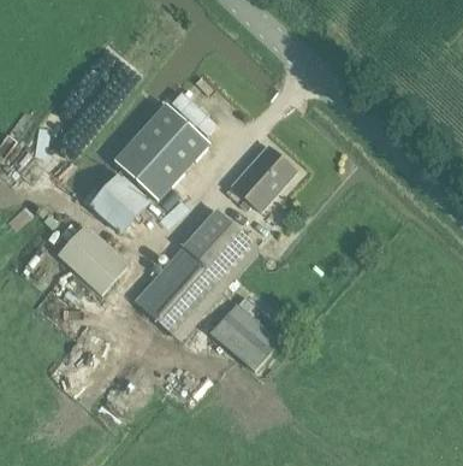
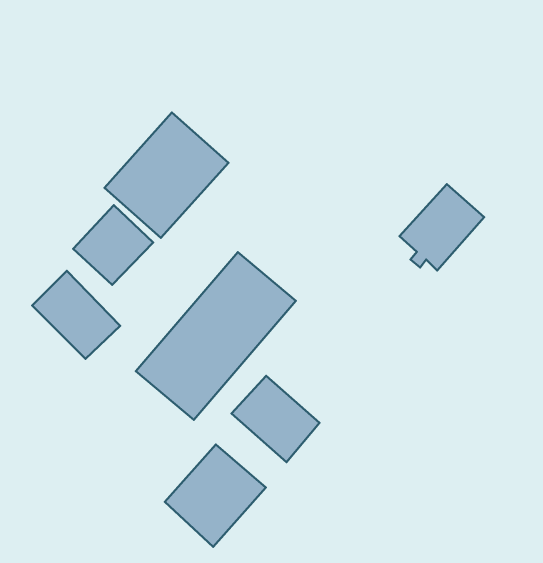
building: [230,144,295,211] -> [400,184,484,271]
building: none -> [165,445,266,547]

